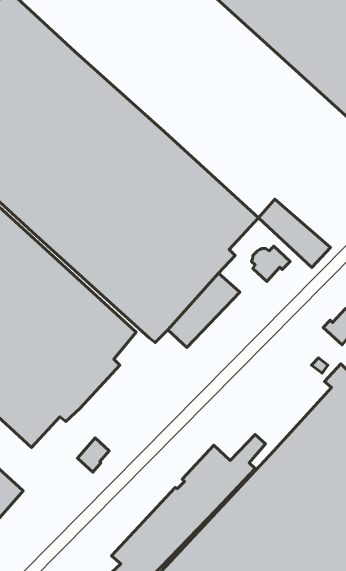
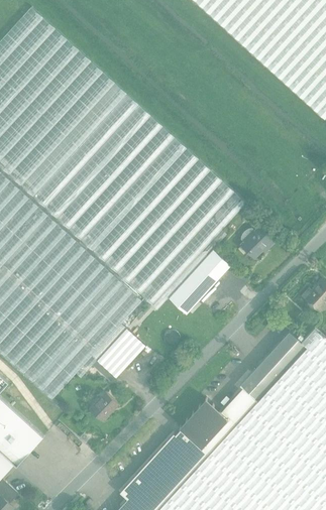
building: [258,199,331,267] -> none
building: none -> [93,329,146,383]
building: none -> [240,331,309,402]

